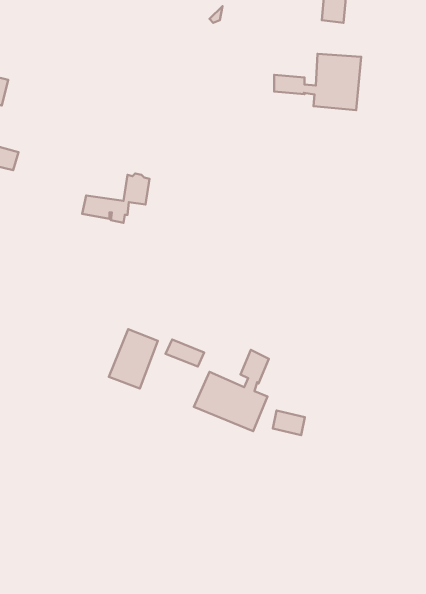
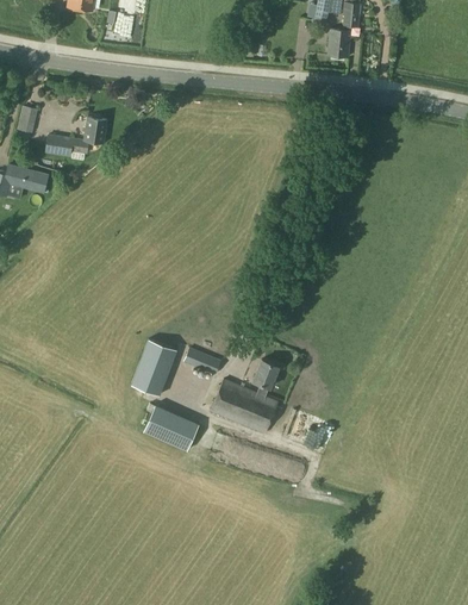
building: [274,54,361,110] -> none
building: [82,174,149,223] -> [45,116,107,161]
building: none -> [143,405,199,450]

